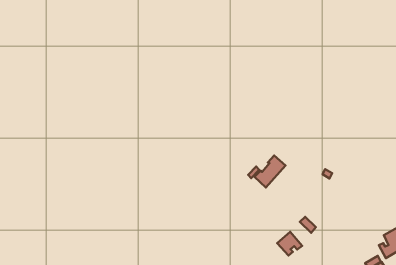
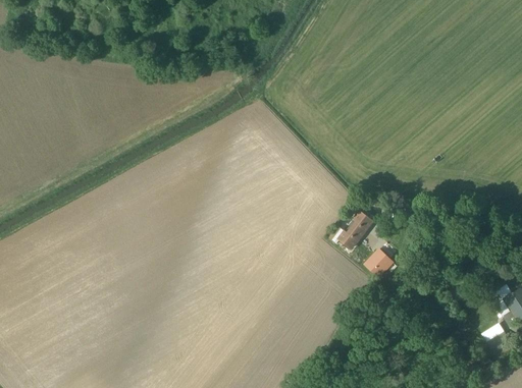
building: [277,232,302,255] -> [365,250,397,279]

